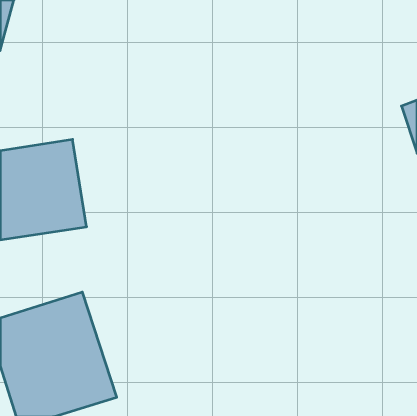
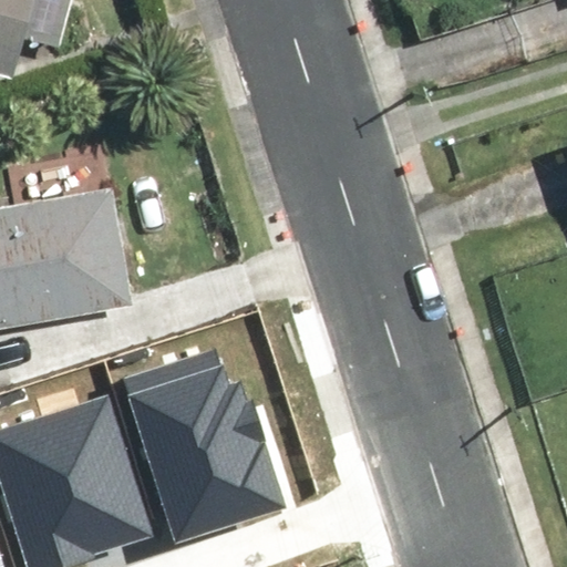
building: none -> [128,357,290,538]

